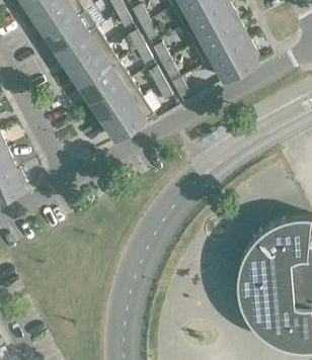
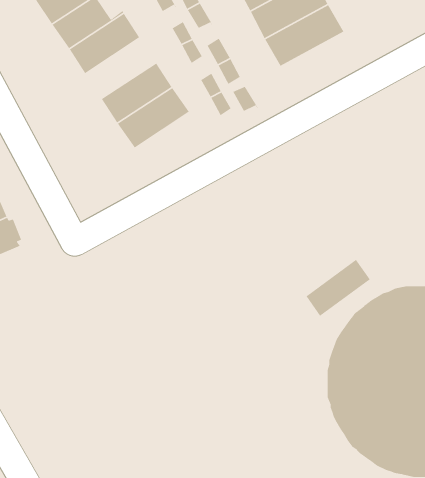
building: [205,40,258,80] -> none
building: [69,44,119,87] -> none
building: [102,96,154,140] -> none
building: none -> [305,259,371,317]

